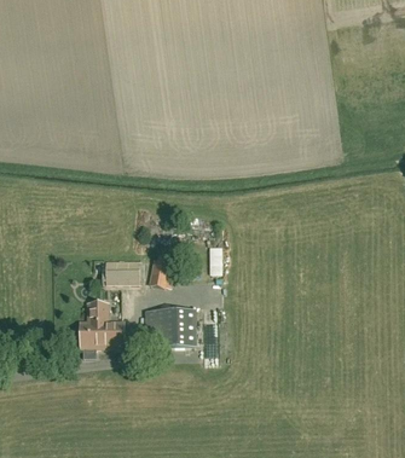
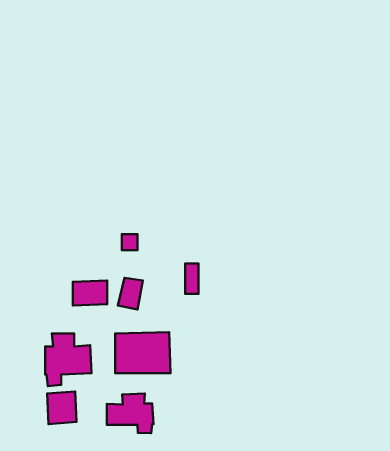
building: none -> [47,391,77,424]
building: none -> [107,394,153,433]

